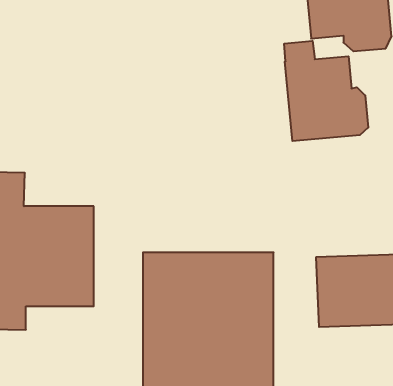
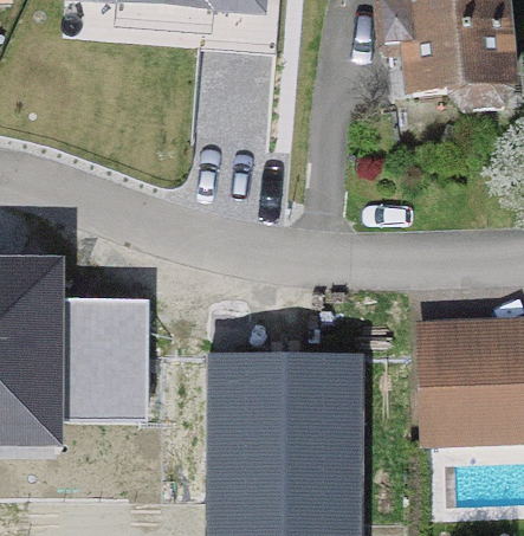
building: [284,41,368,141] -> none

